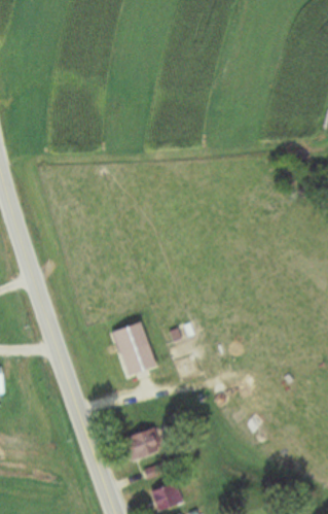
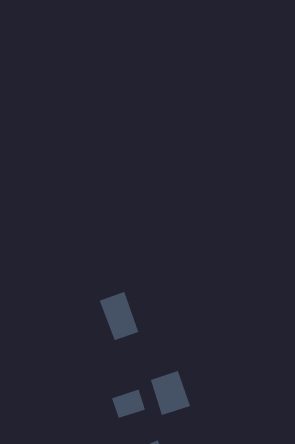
building: none -> [150,370,191,416]

